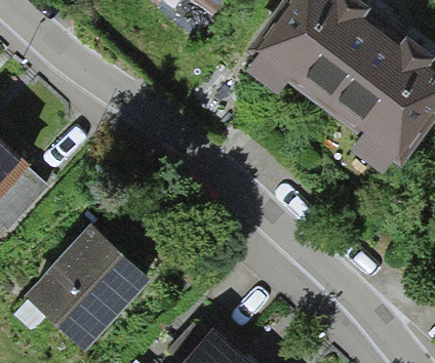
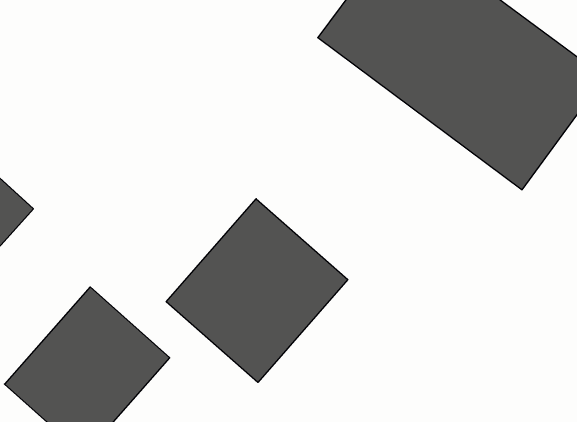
building: none -> [166,199,348,382]

